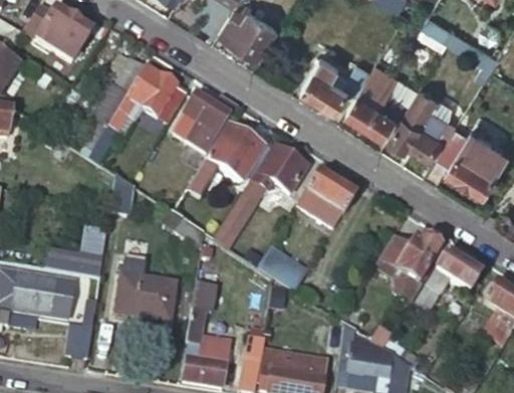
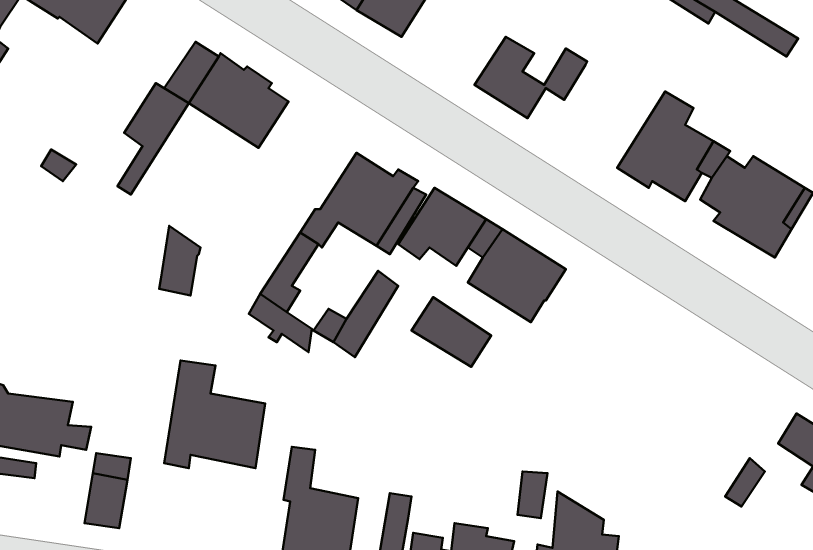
building: [347,75,405,133] -> none
building: [181,99,239,155] -> none
building: [45,224,107,275] -> none
building: [374,240,441,306] -> none
building: [259,252,307,294] -> [412,297,491,367]
building: [427,256,482,298] -> none

